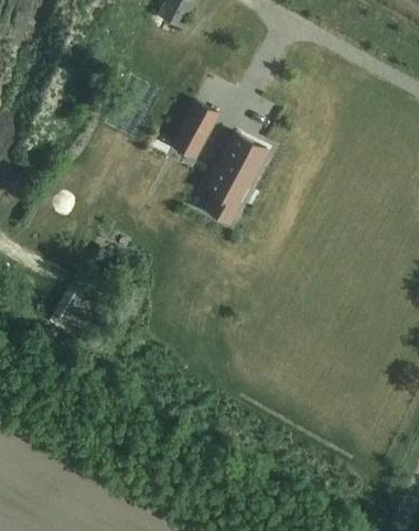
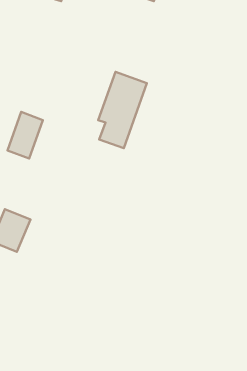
building: [169,101,218,161] -> [7,112,43,159]

